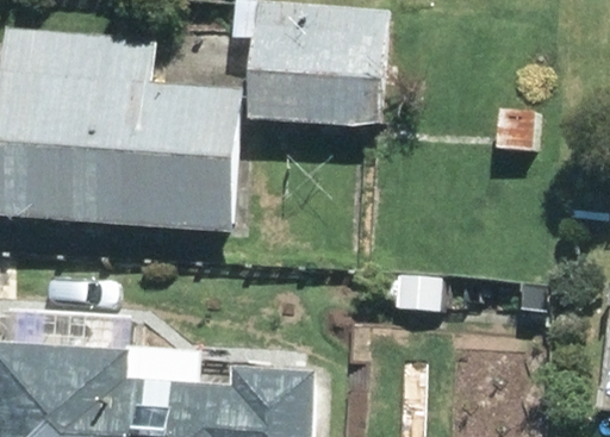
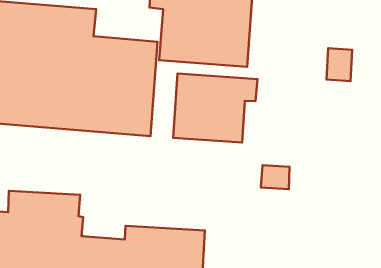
building: none -> [173,74,257,142]

